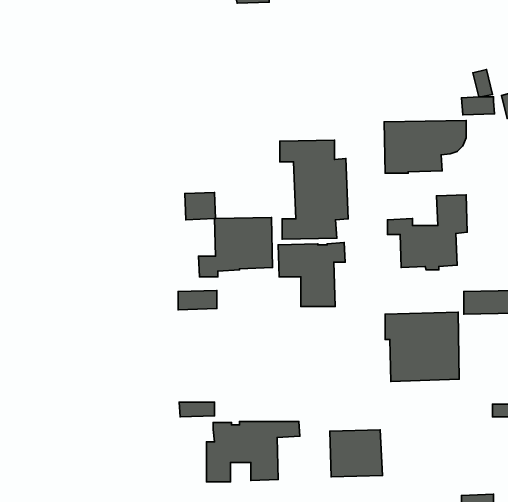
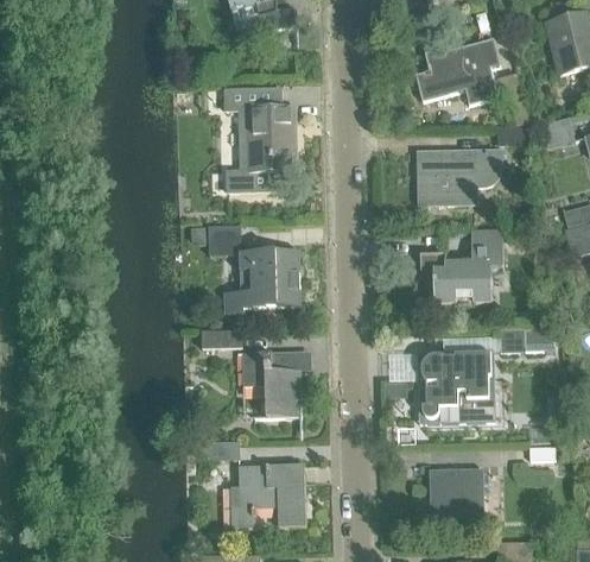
building: none -> [414,37,500,103]
building: [280,140,348,239] -> [223,87,294,190]
building: [278,243,345,306] -> [241,349,311,416]
building: [330,430,382,477] -> [429,468,483,517]

